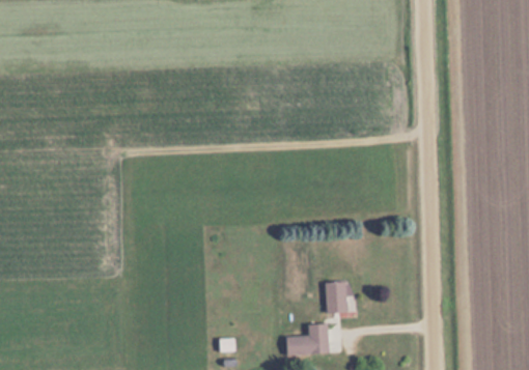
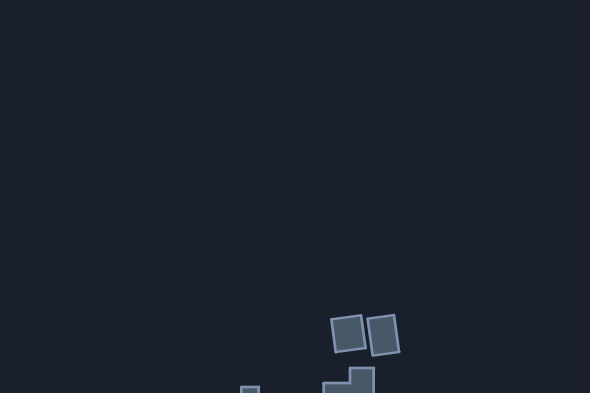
building: none -> [331,315,365,352]

